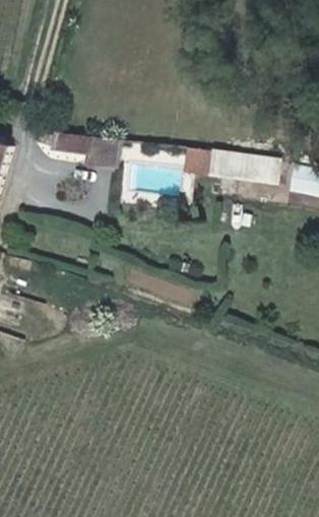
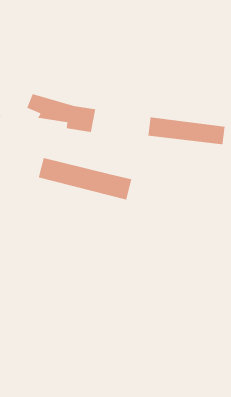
building: none -> [38,157,132,201]

